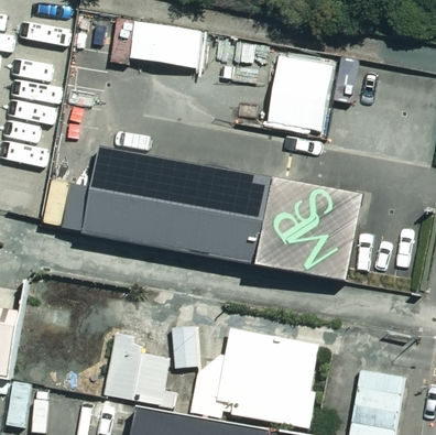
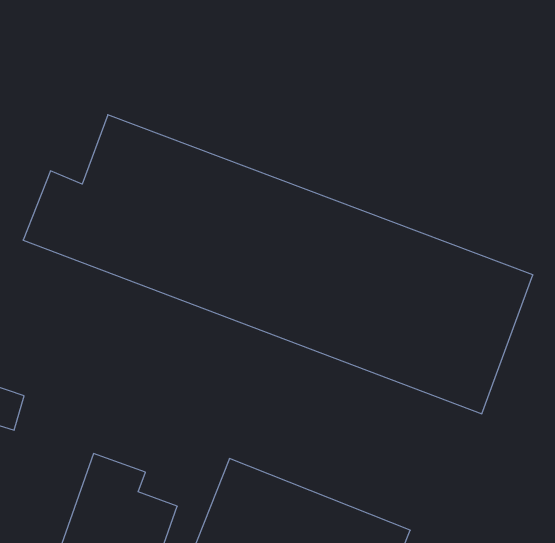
building: [266,57,333,133] -> none

